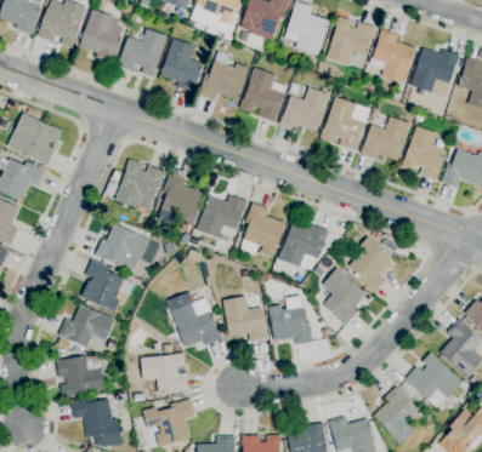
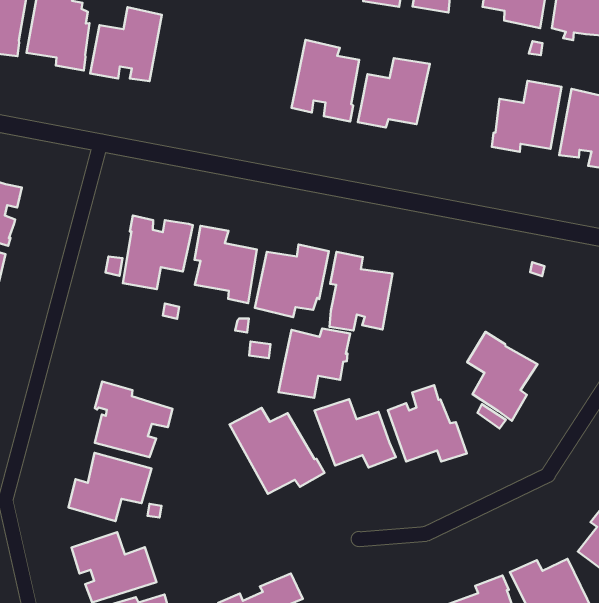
building: [159,39,203,93] -> none
building: [198,52,249,101] -> none
building: [318,97,370,151] -> none
building: [278,223,329,268] -> [278,329,350,398]
building: [95,224,151,268] -> none
building: [348,238,392,294] -> none
building: [141,354,189,394] -> none

